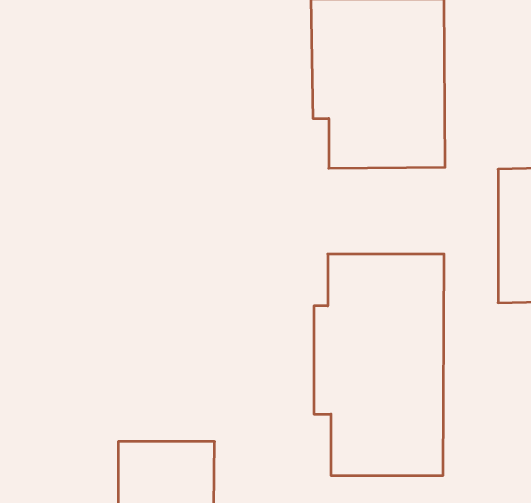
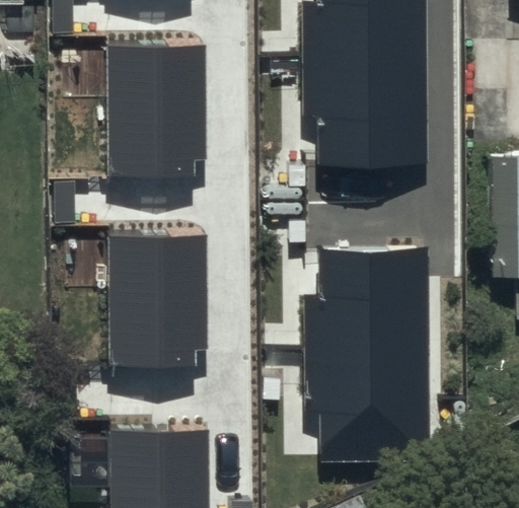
building: none -> [109,46,202,172]
building: none -> [115,235,207,362]

